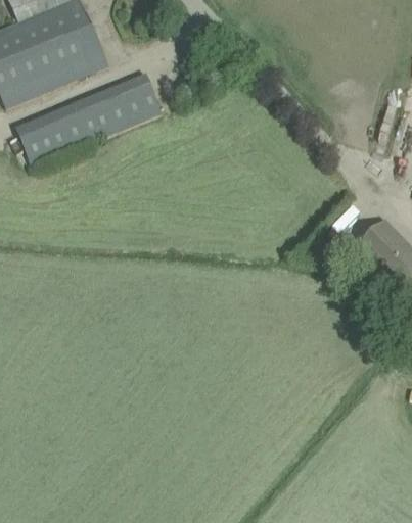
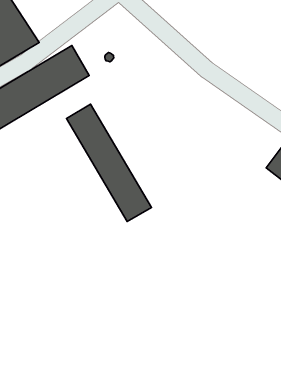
building: none -> [67,104,152,221]

